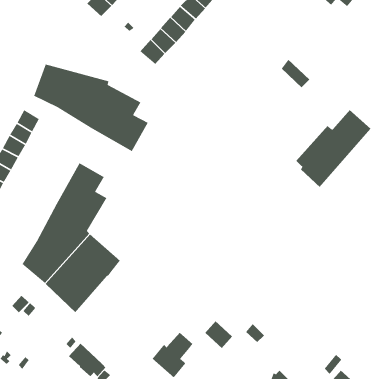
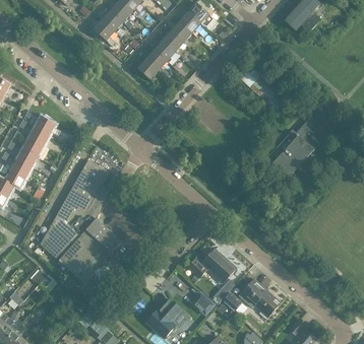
building: [33,64,149,152] -> none
building: none -> [186,249,235,283]
building: none -> [240,278,277,317]

